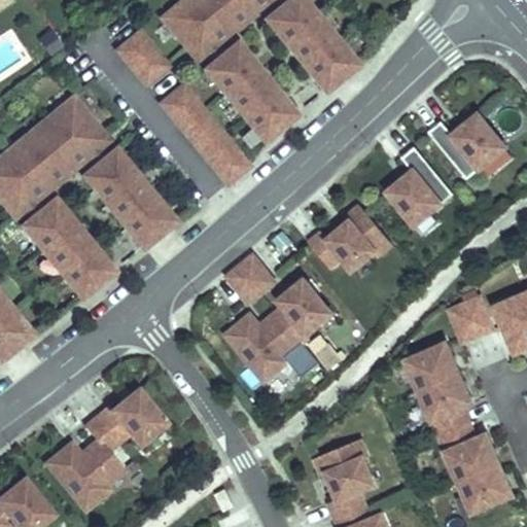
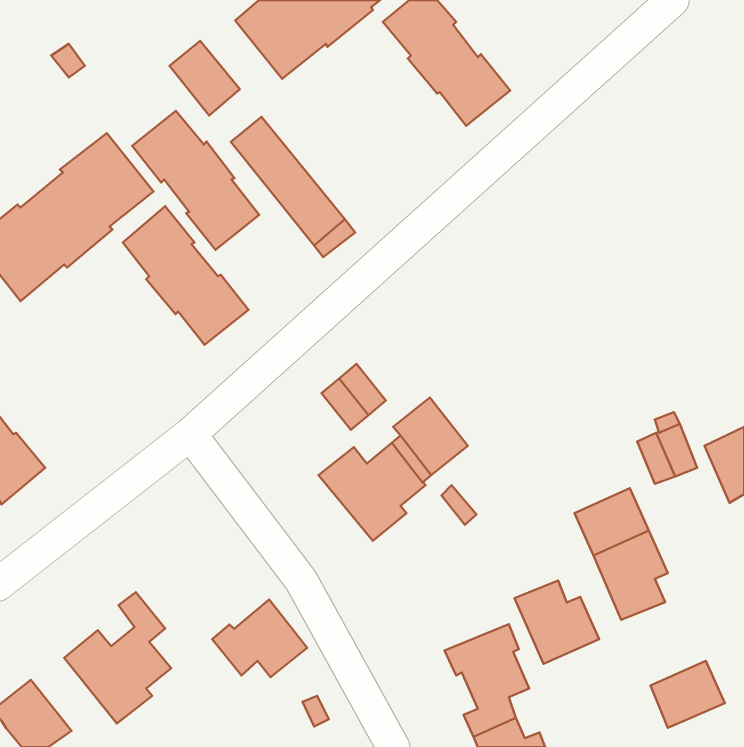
building: [207,41,296,139] -> [132,111,259,250]
building: [427,115,503,179] -> none
building: [386,147,451,225] -> none
building: [23,197,111,294] -> none
building: [307,207,389,270] -> none
building: [96,389,163,444] -> [212,600,307,677]
building: [437,424,497,483] -> [514,581,599,664]

